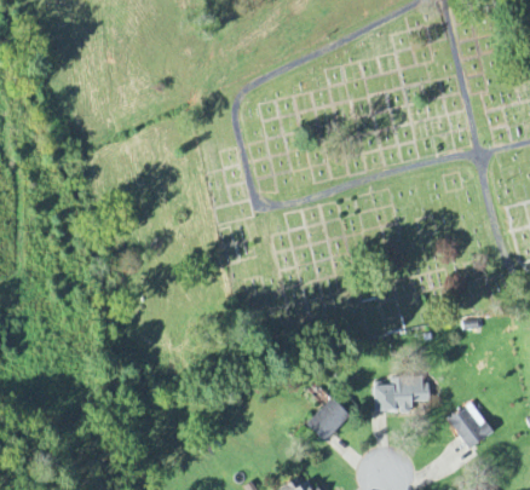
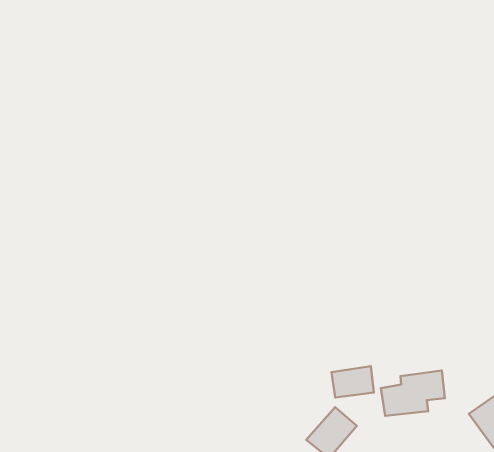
building: none -> [332,366,374,397]

